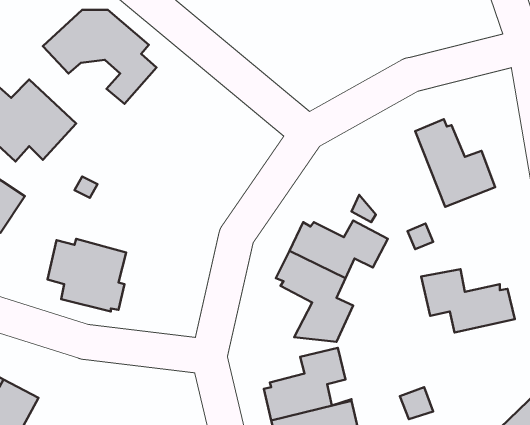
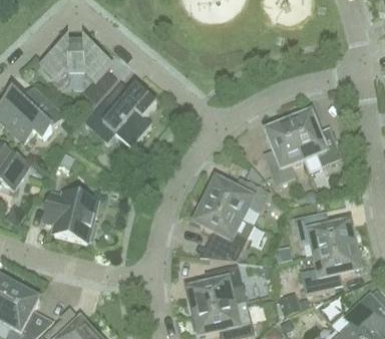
building: none -> [85,81,156,144]
building: none -> [266,119,309,183]
building: none -> [301,244,359,291]

